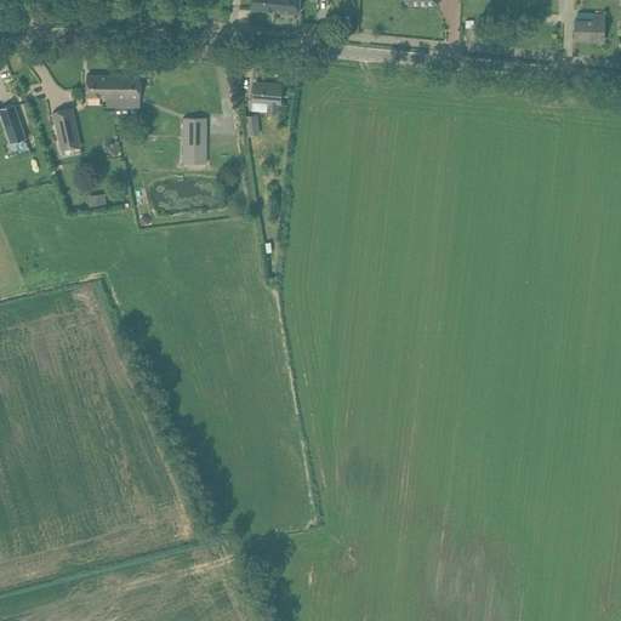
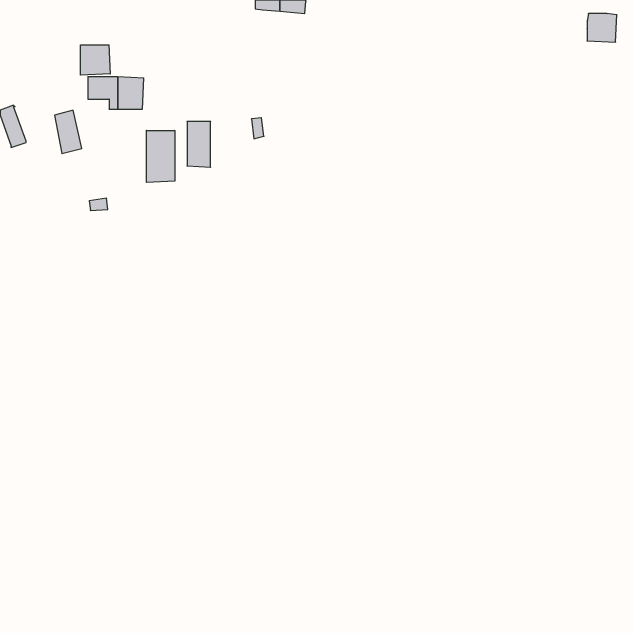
building: none -> [81,45,110,75]
building: [252,84,281,114] -> none
building: none -> [146,130,175,182]

